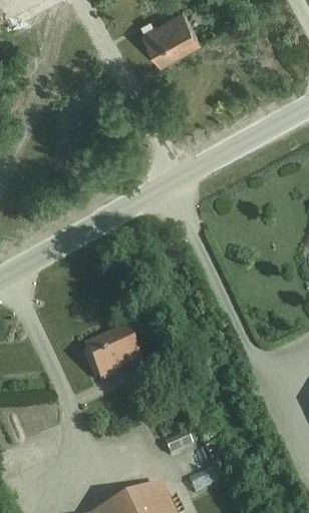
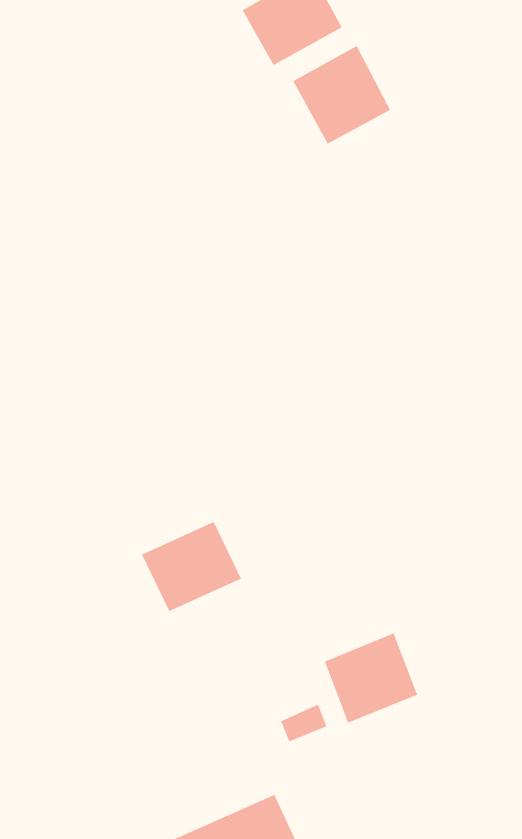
building: none -> [292,45,391,145]
building: none -> [324,633,418,724]

